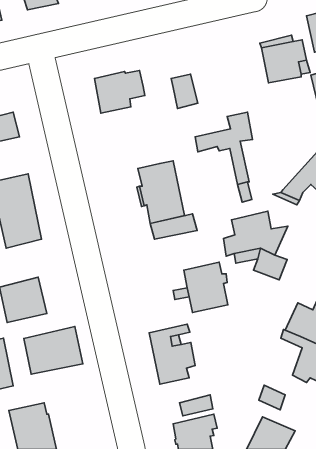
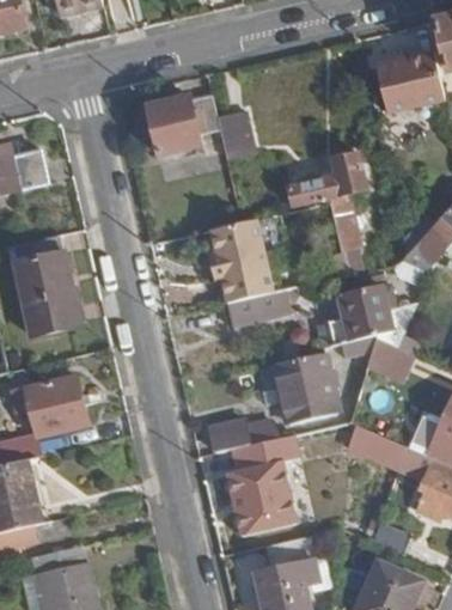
building: [171,74,198,109] -> [216,111,252,158]
building: none -> [212,420,276,452]
building: none -> [347,422,407,470]
building: [24,327,83,374] -> none

